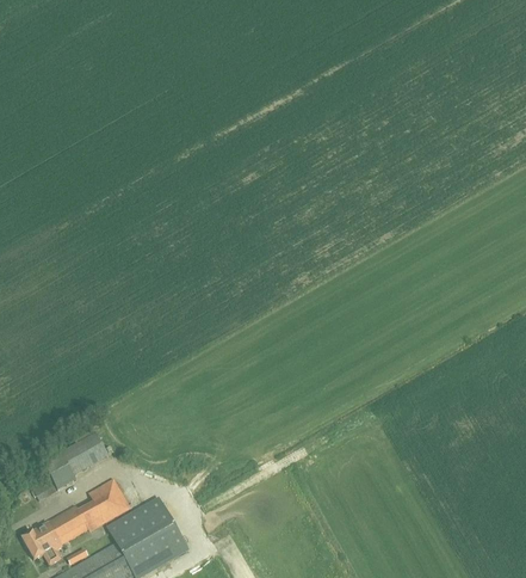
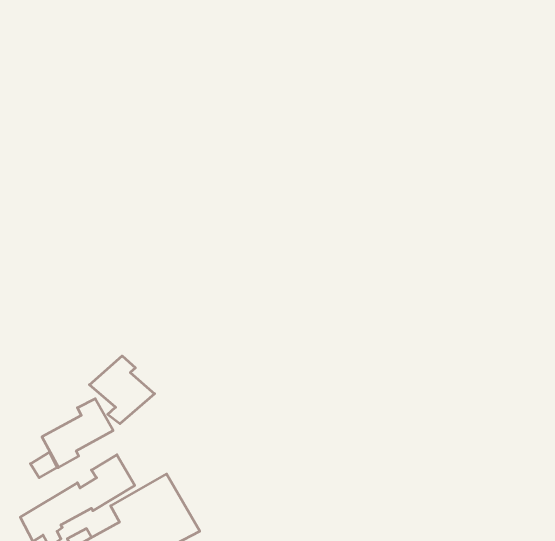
building: none -> [89,356,155,424]

